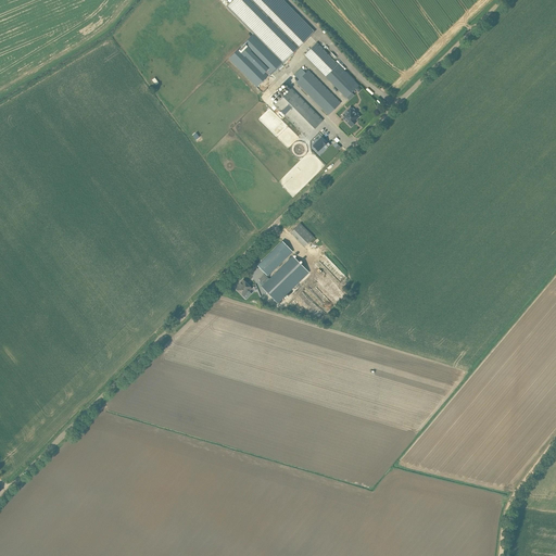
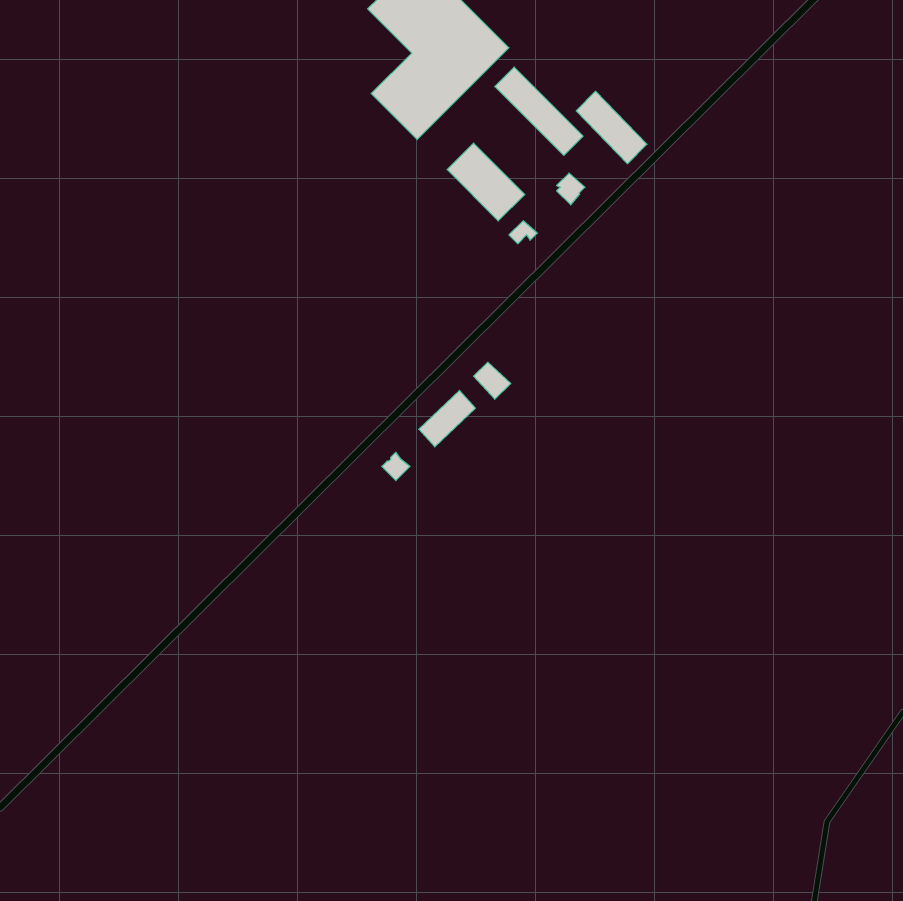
building: [296,70,340,114] -> [576,91,647,164]
building: [262,255,308,302] -> none

